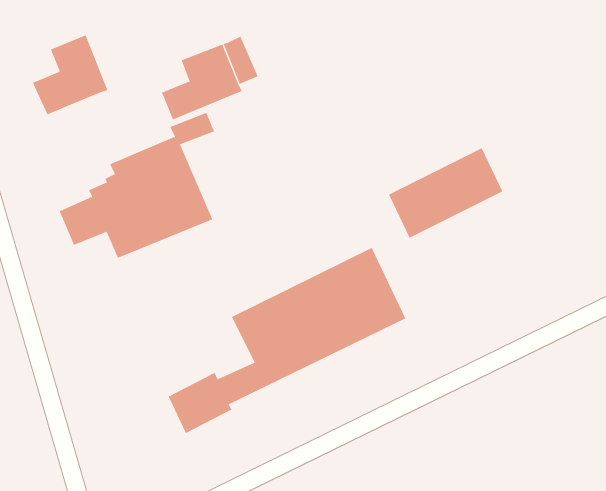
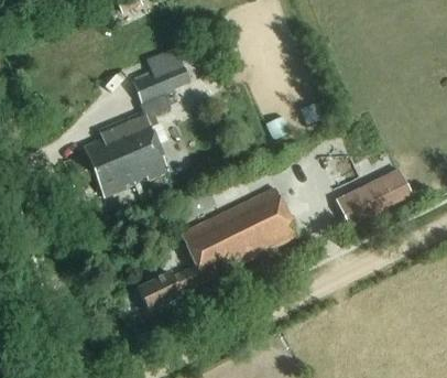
building: [32,35,108,115] -> none
building: [388,148,503,239] -> [336,169,414,230]

